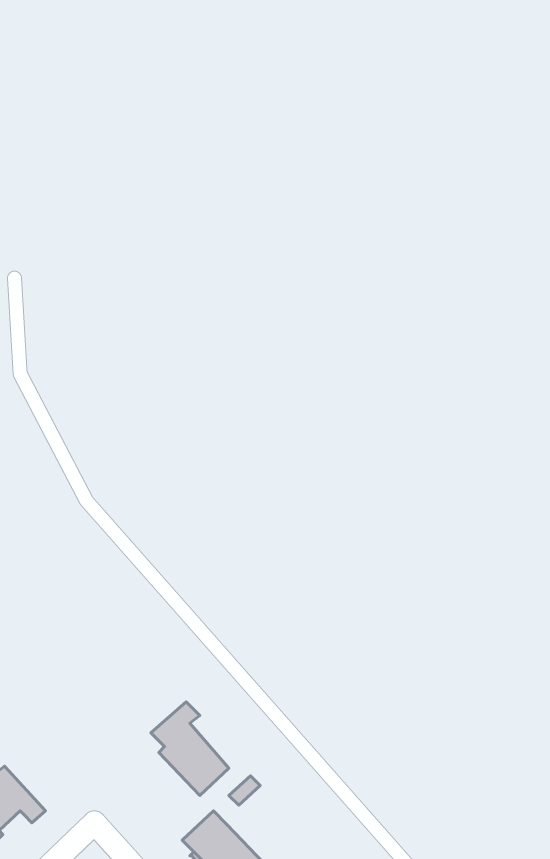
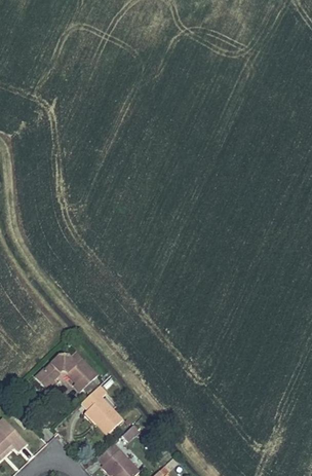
building: none -> [35,353,98,391]

